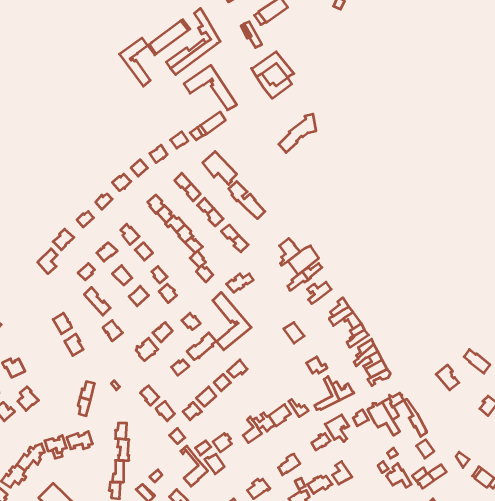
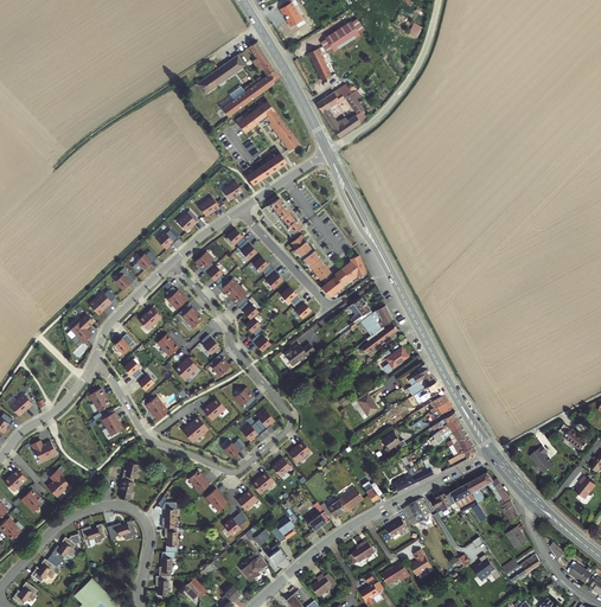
building: [119,38,150,86] -> none
building: [279,114,316,153] -> [322,251,365,295]
building: [213,292,251,350] -> none

